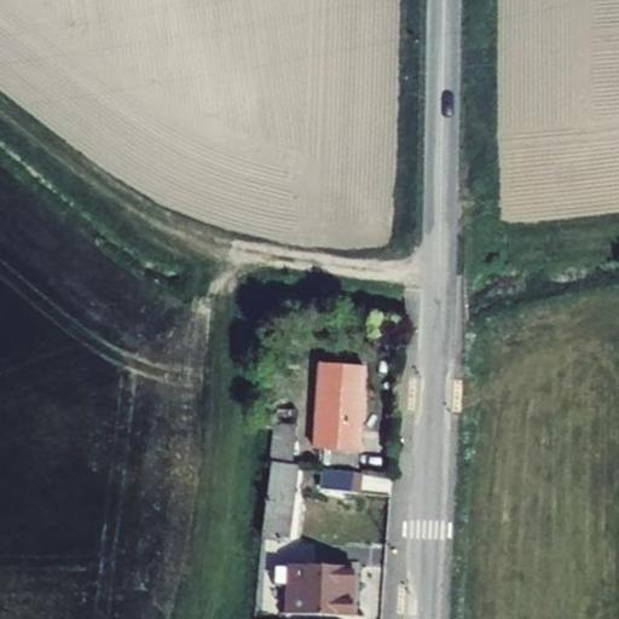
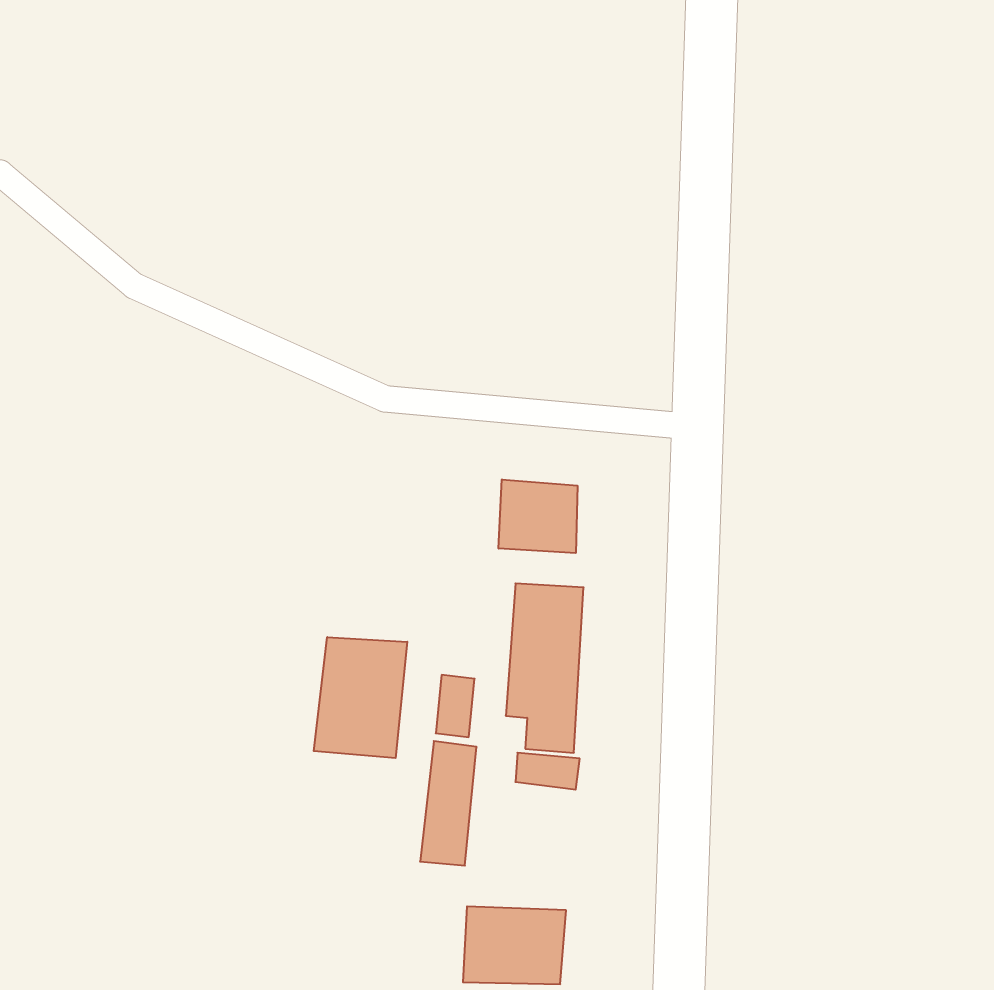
building: none -> [499,479,577,553]
building: none -> [314,637,407,758]

